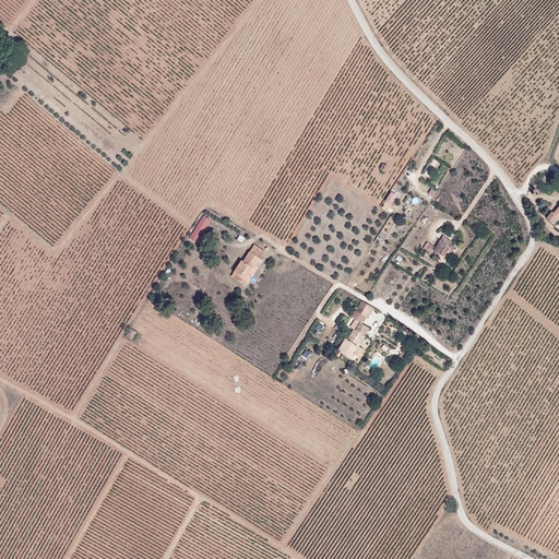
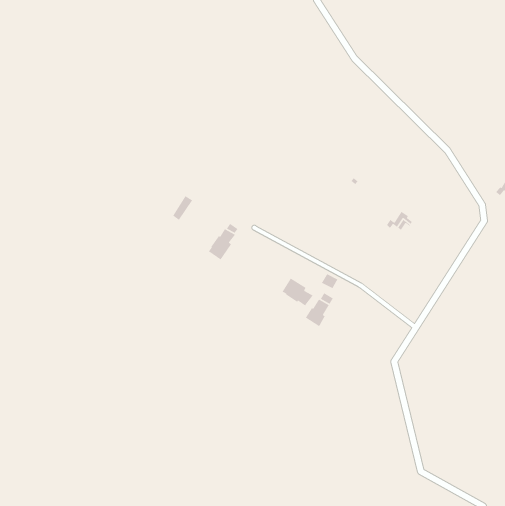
building: none -> [281,278,314,307]

